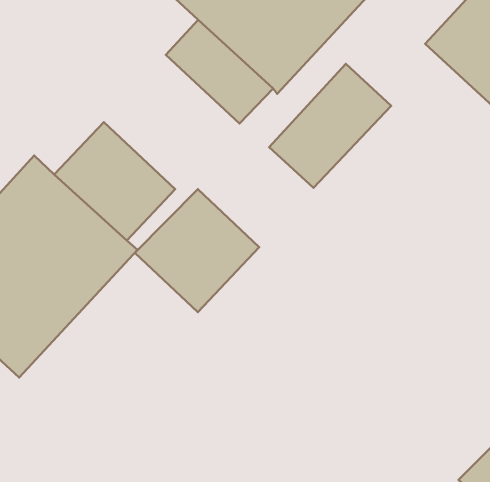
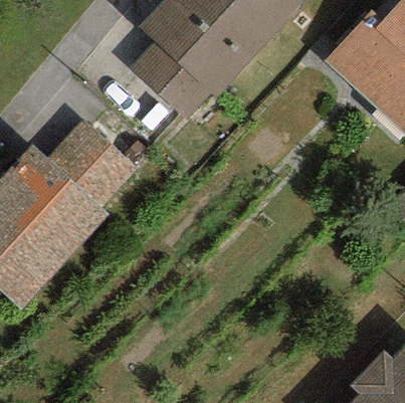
building: [269,64,391,188] -> none
building: [135,189,259,312] -> none

